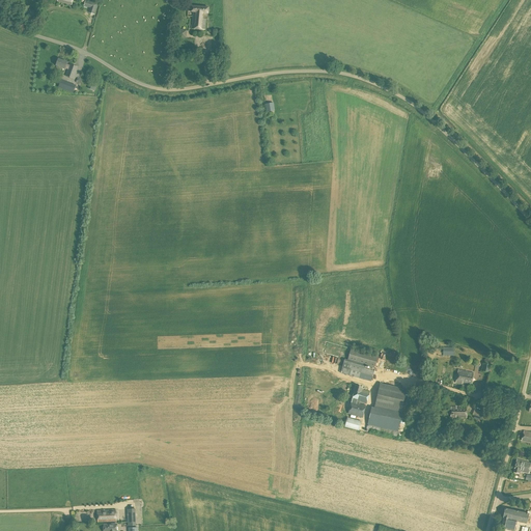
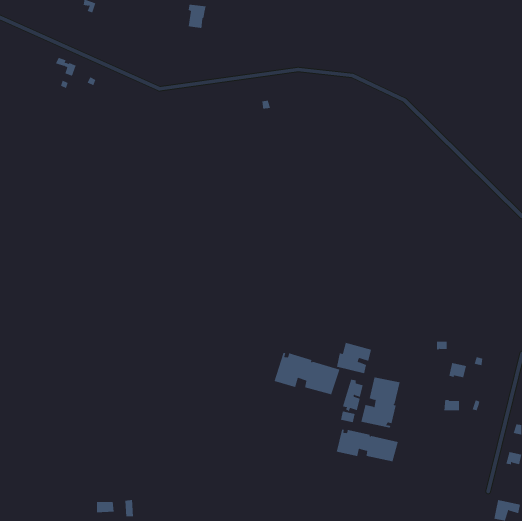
building: none -> [274,352,340,395]
building: none -> [336,429,399,462]

